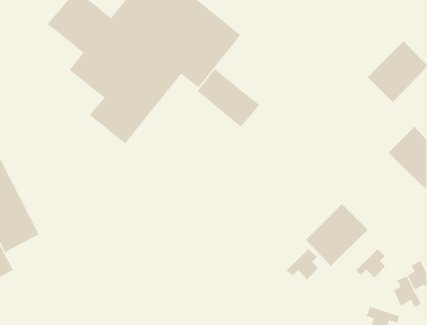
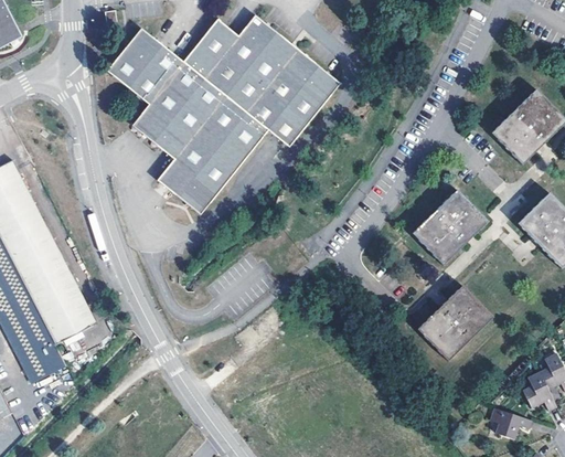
building: [197,68,260,128] -> none
building: none -> [412,189,488,265]
building: [286,248,319,280] -> none
building: [355,248,386,279] -> none

